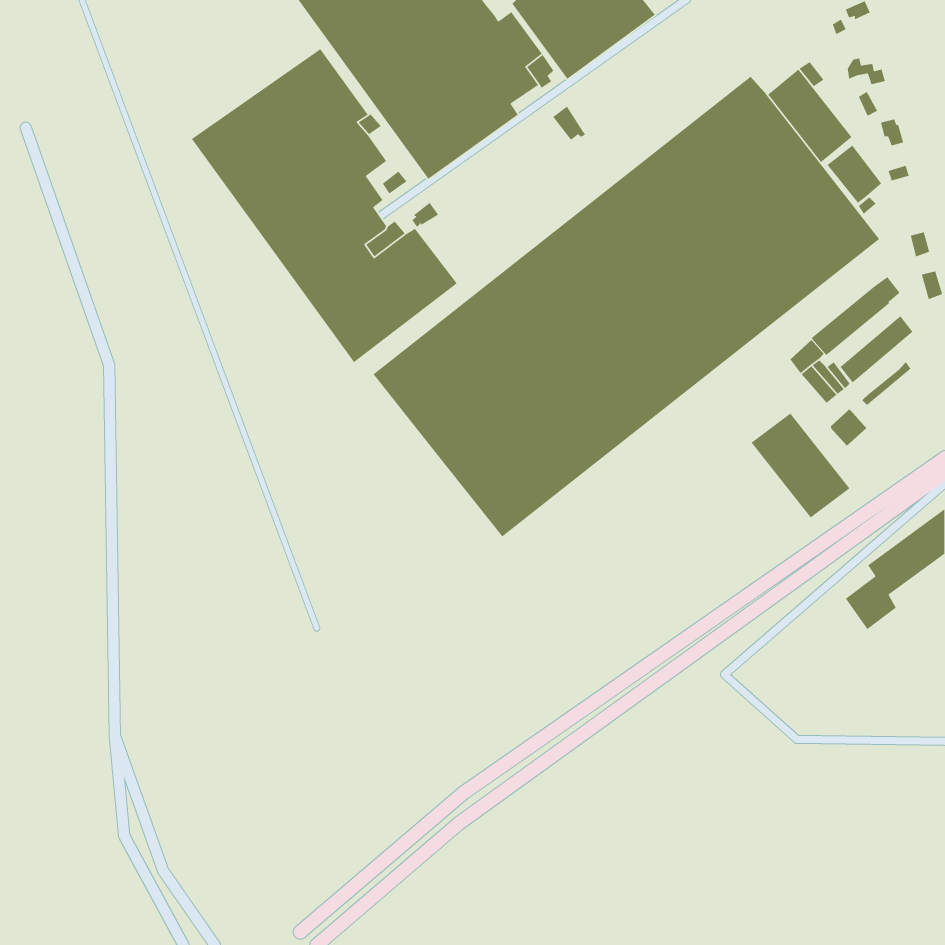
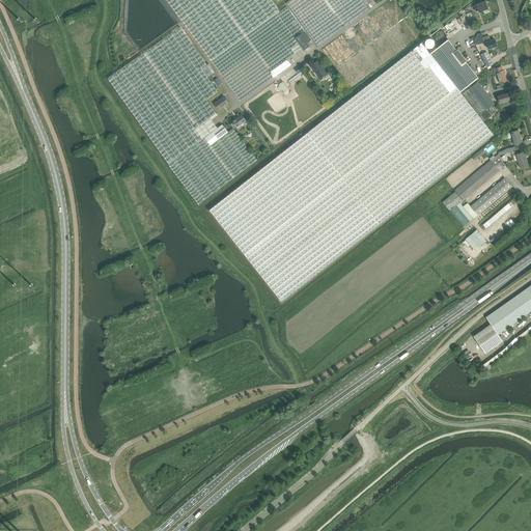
building: [751,412,851,519] -> none

